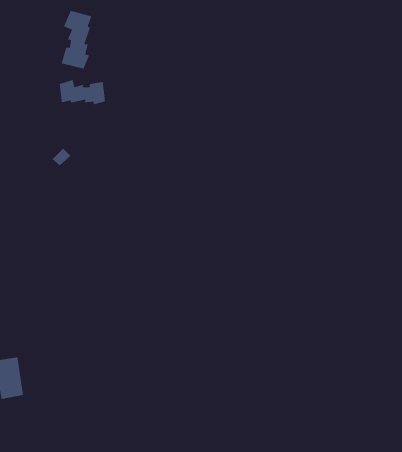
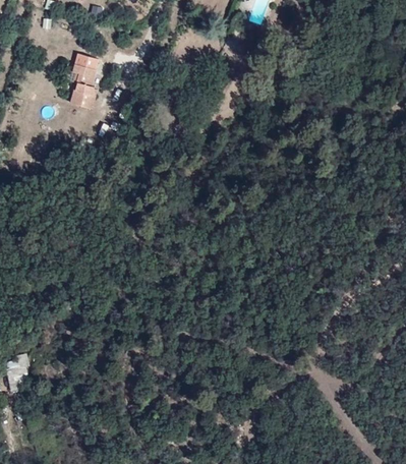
building: [59,79,105,105] -> none

